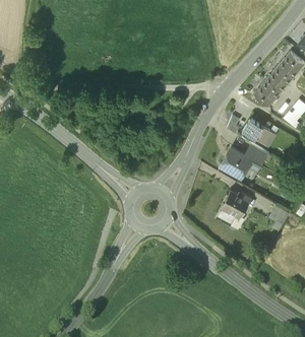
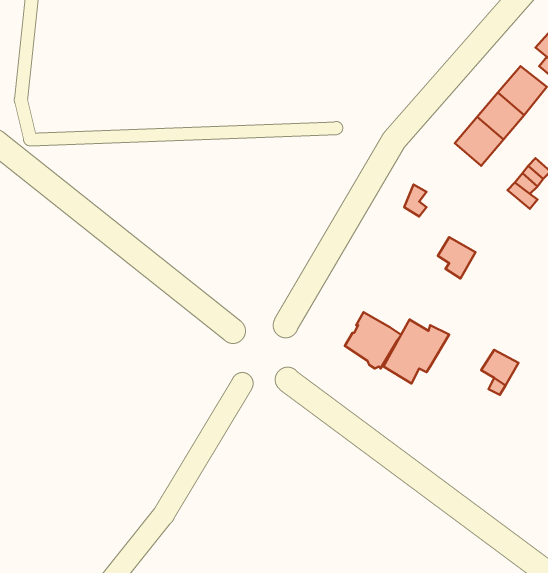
building: [244,120,272,146] -> none
building: [221,147,251,178] -> [345,312,401,368]

